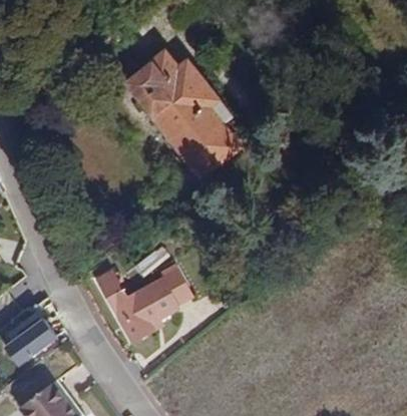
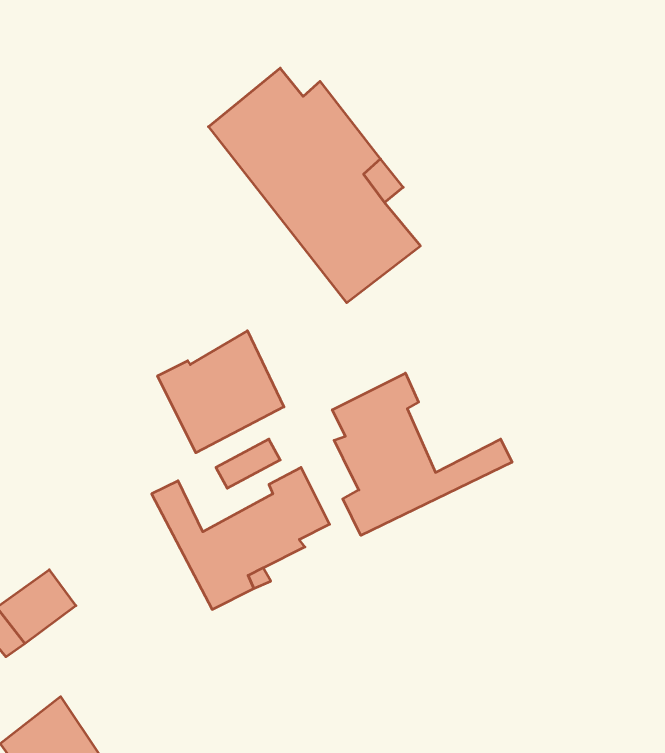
building: none -> [158,331,284,453]
building: none -> [332,373,512,535]

